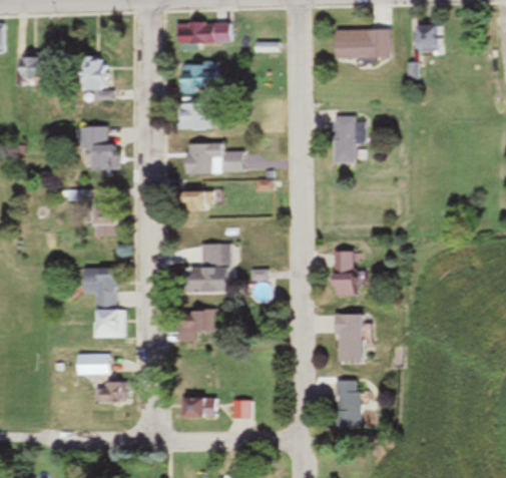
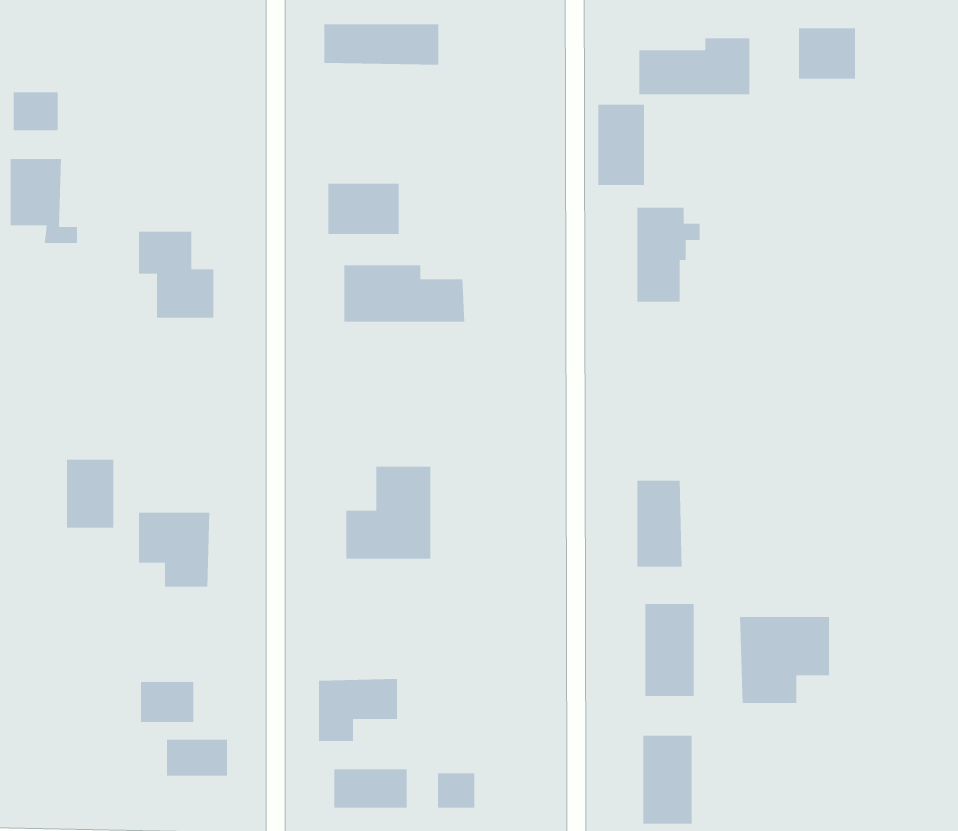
building: [79,56,113,99] -> [10,158,78,244]
building: none -> [598,104,645,186]
building: [178,64,216,89] -> none
building: [178,190,213,210] -> none
building: [94,201,118,236] -> [66,459,114,528]
building: [177,309,217,341] -> [318,678,398,742]
building: [93,310,125,337] -> none
building: none -> [739,616,830,704]

